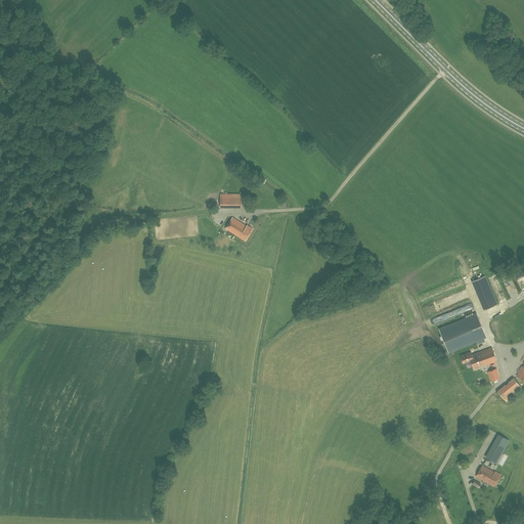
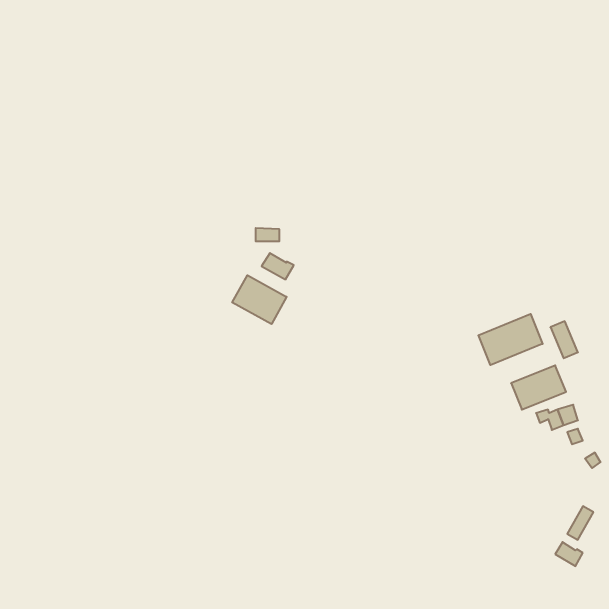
building: none -> [232,275,287,324]
building: none -> [478,314,543,365]

